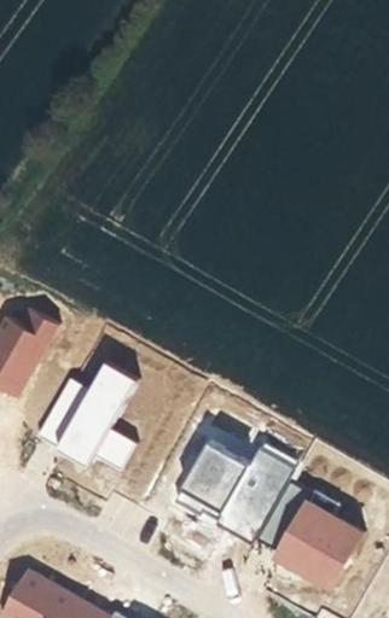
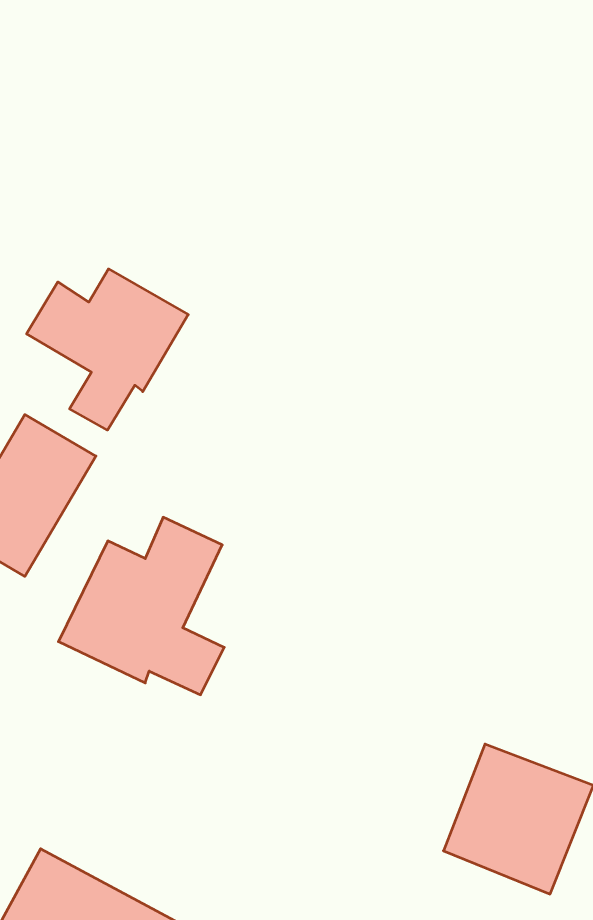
building: none -> [27,269,188,430]
building: [175,437,295,541] -> none

